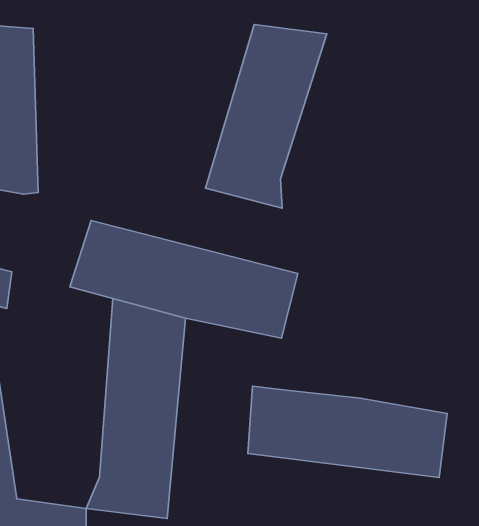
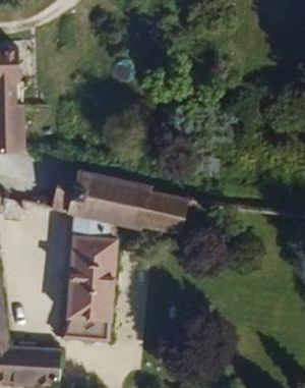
building: [205,25,327,208] -> none
building: [248,386,447,478] -> none

